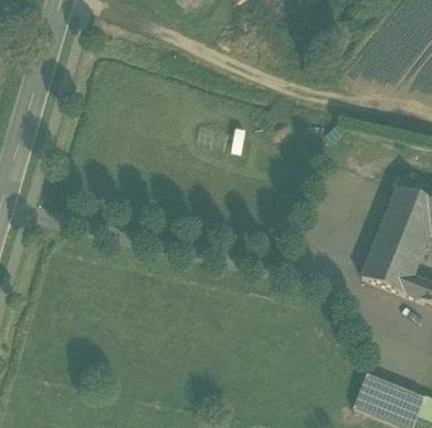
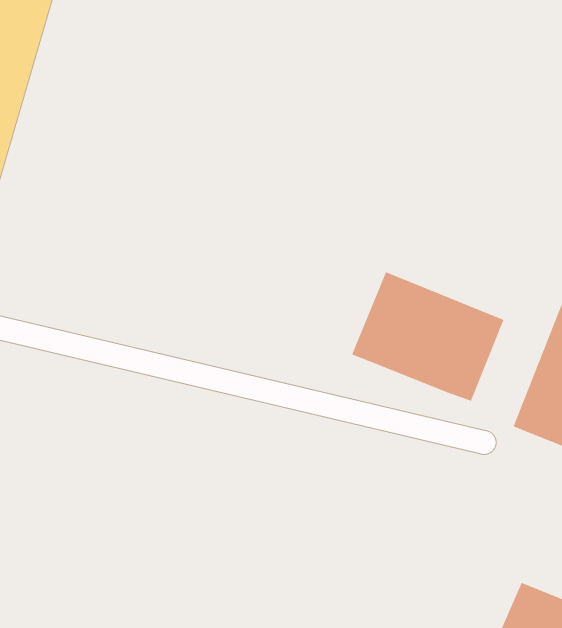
building: none -> [351,271,504,402]

